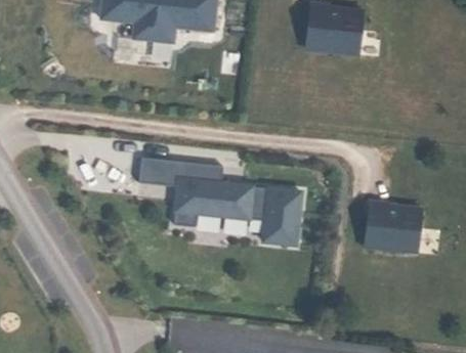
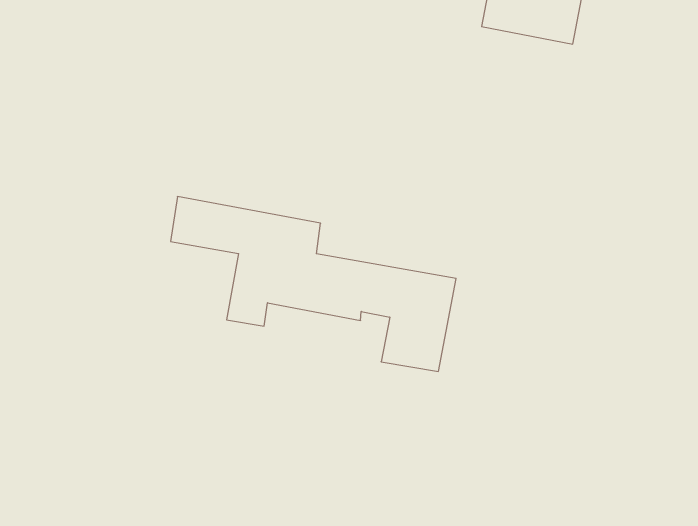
building: [365,202,422,253] -> none

